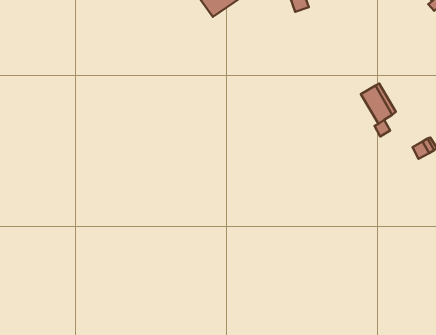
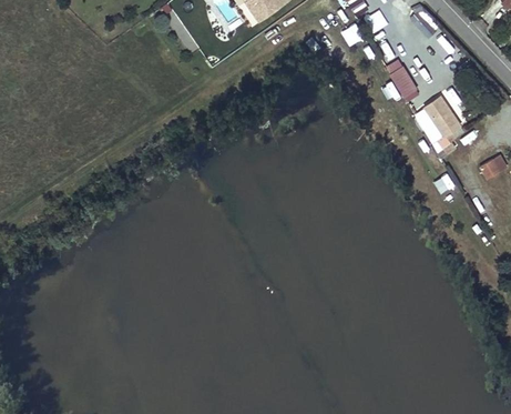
building: none -> [389,65,418,99]

